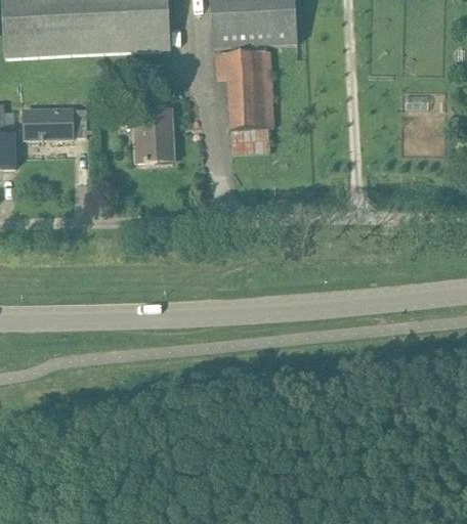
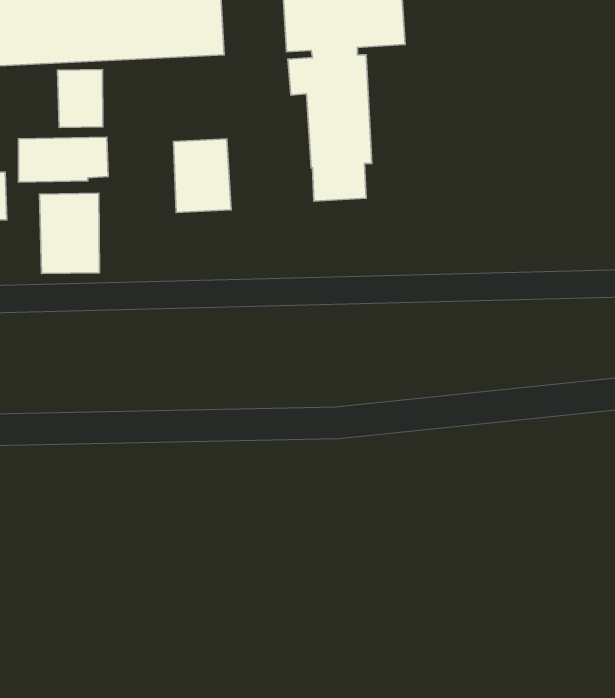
building: none -> [58,70,103,128]
building: none -> [39,193,99,274]

